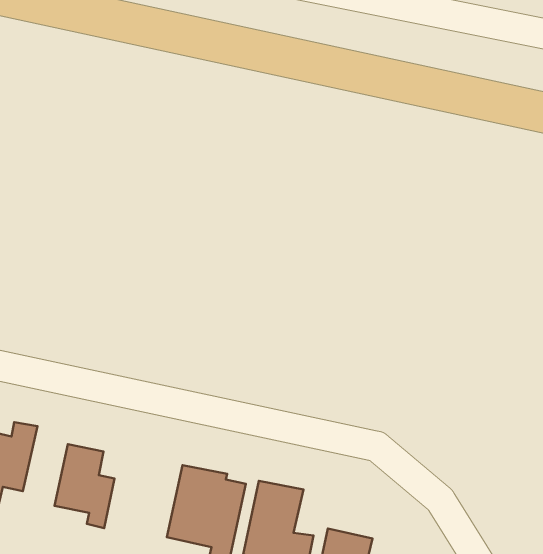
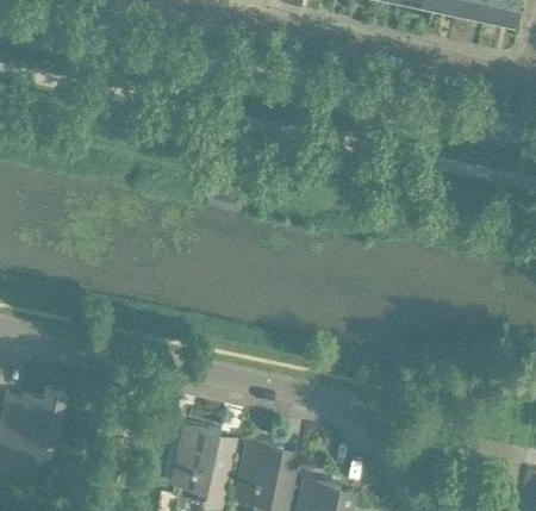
building: [55,444,115,528] -> none

